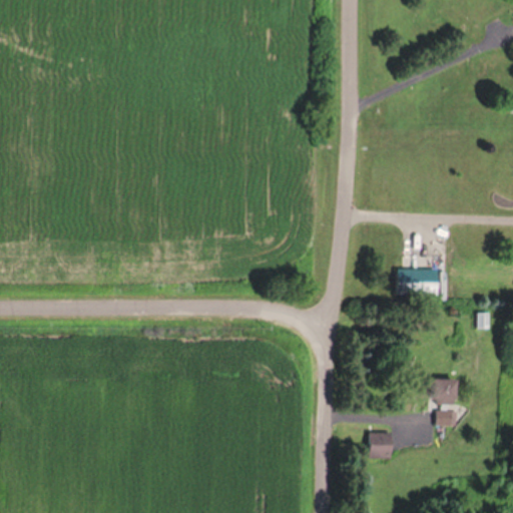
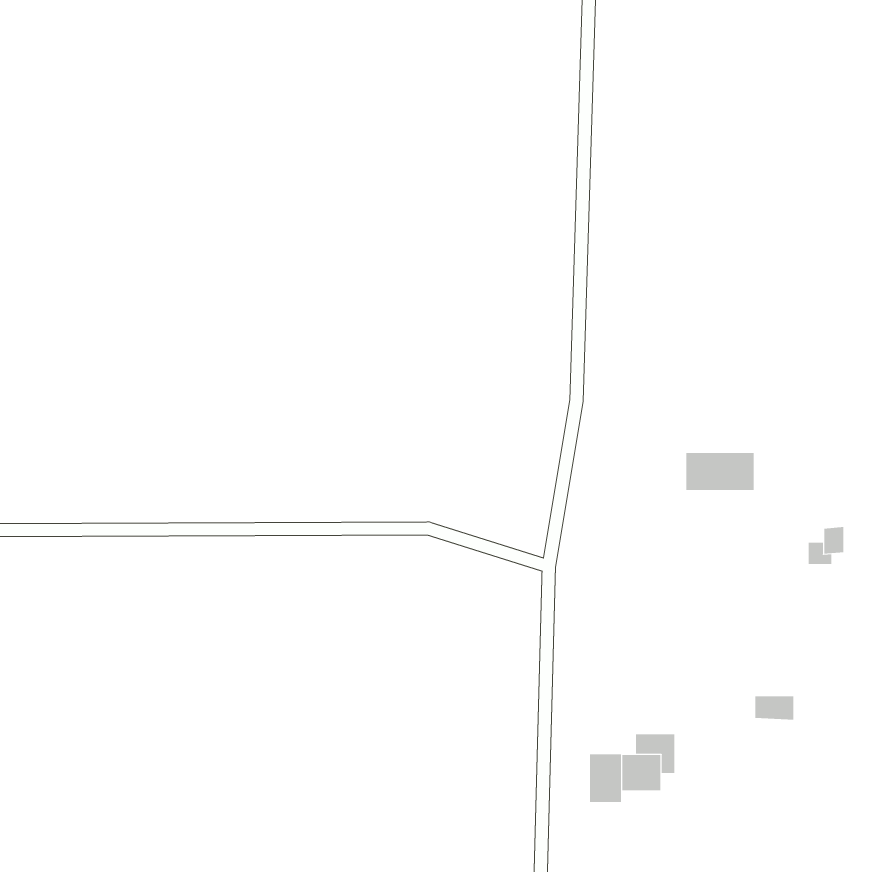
building: [429,380,456,404] -> none
building: none -> [589,754,621,803]

